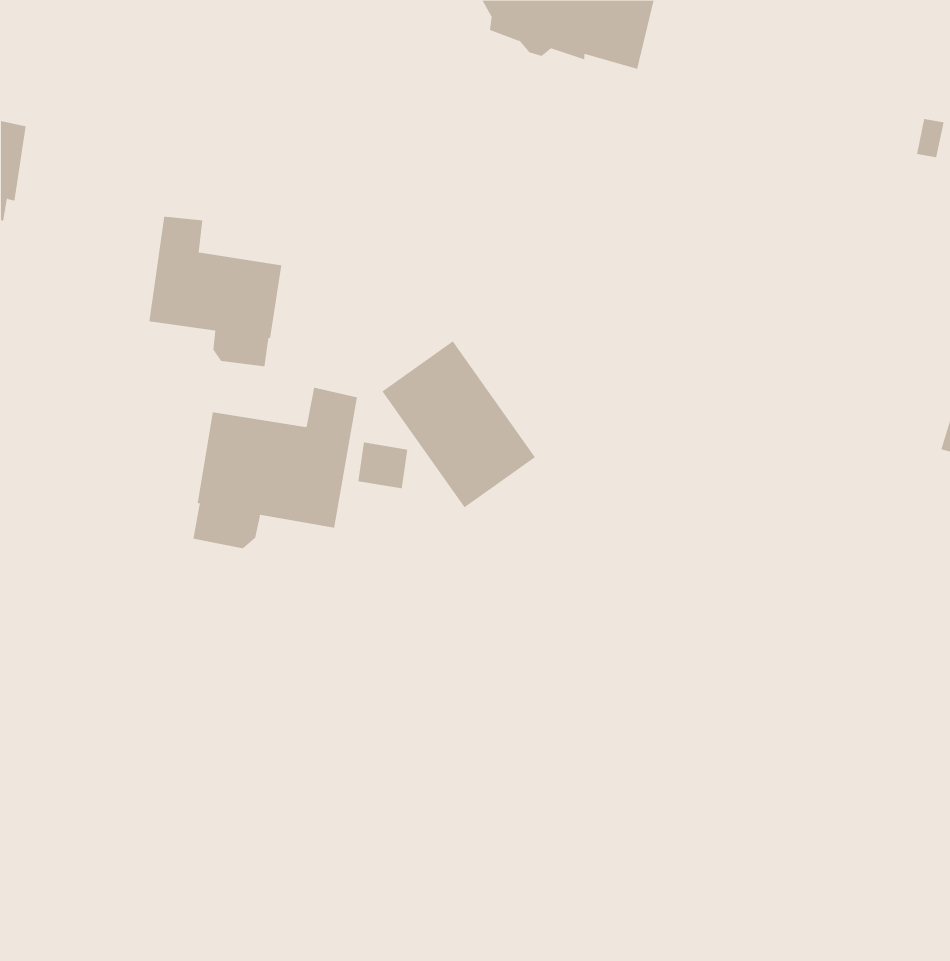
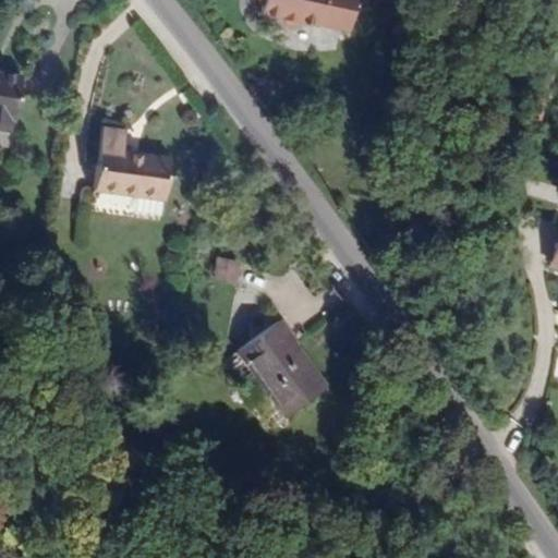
building: [382,341,536,508] -> [239,318,328,415]
building: [193,387,358,549] -> none

